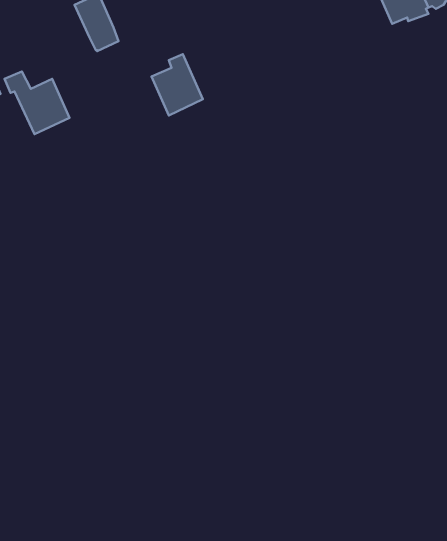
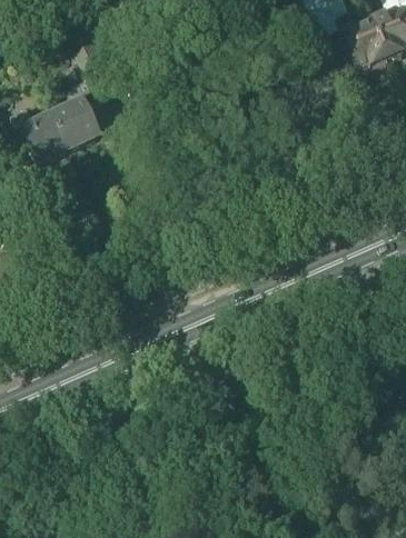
building: [151,54,203,115] -> [52,92,98,147]

